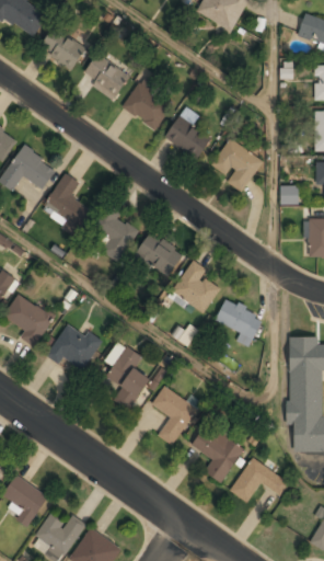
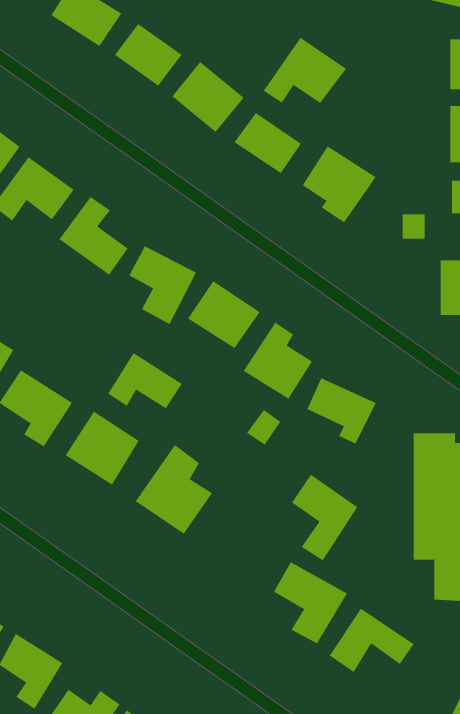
building: none -> [263,37,347,104]
building: none -> [108,352,183,409]
building: [152,386,198,446] -> [291,474,358,561]

